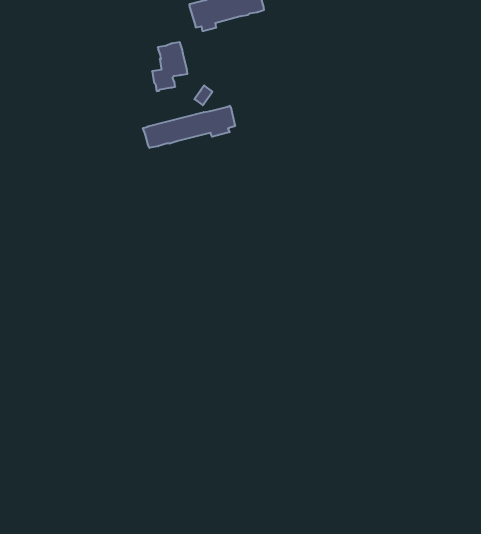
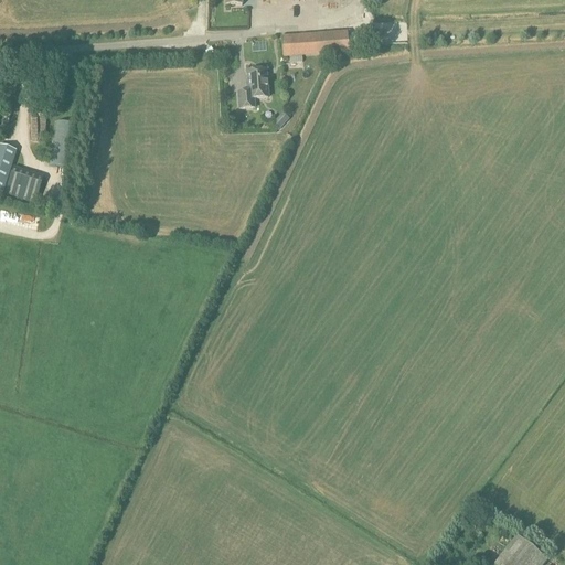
building: [143,106,235,148] -> none

